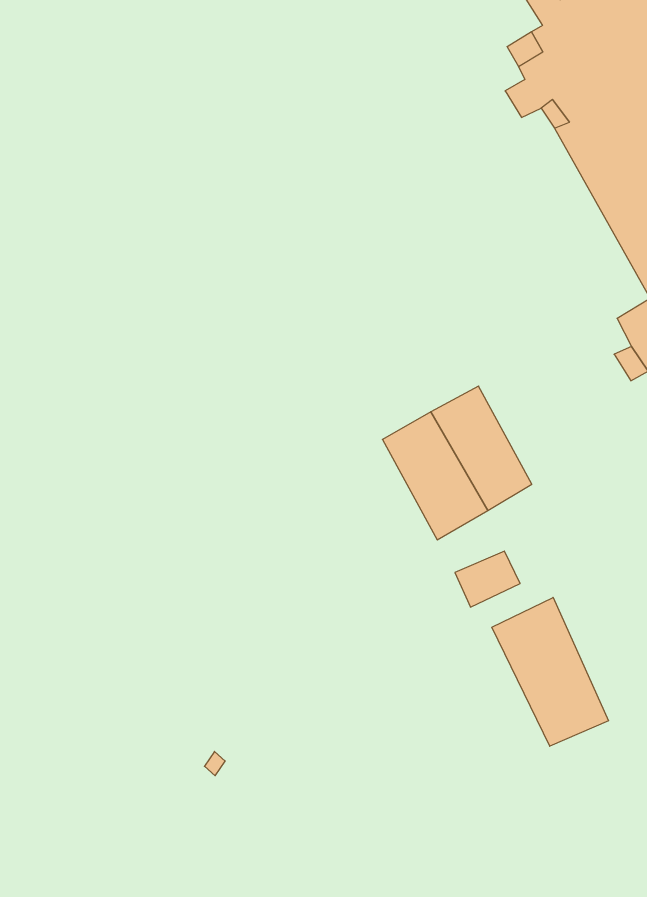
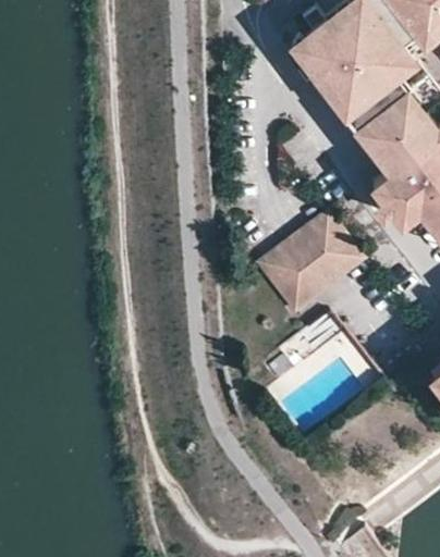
building: none -> [298,215,358,283]
building: [492,597,608,746] -> none

